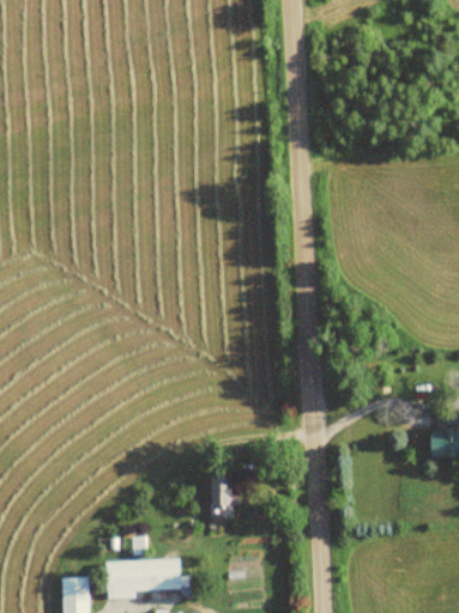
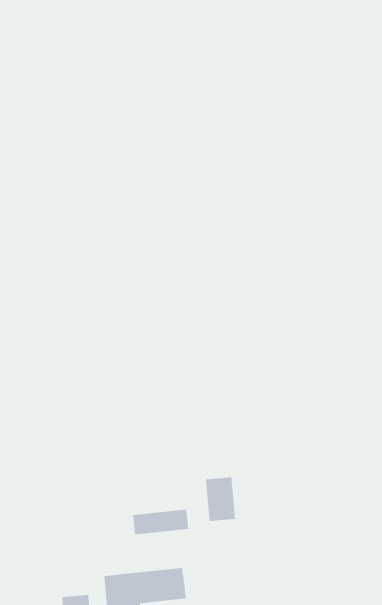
building: none -> [133,509,189,535]

